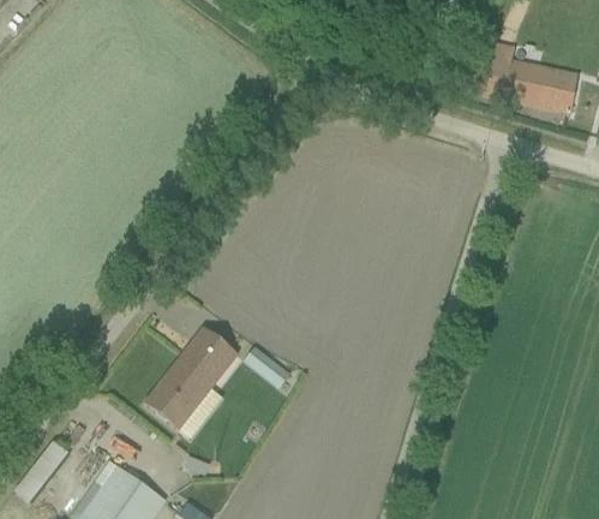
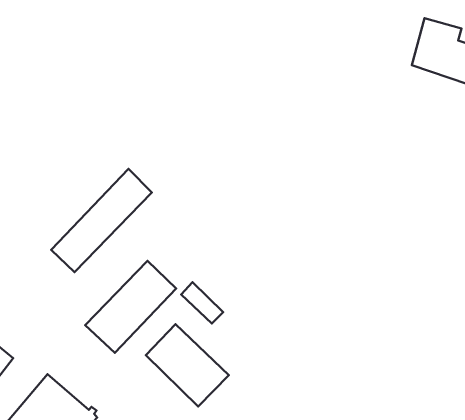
building: none -> [51,169,152,272]
building: none -> [146,324,229,406]

